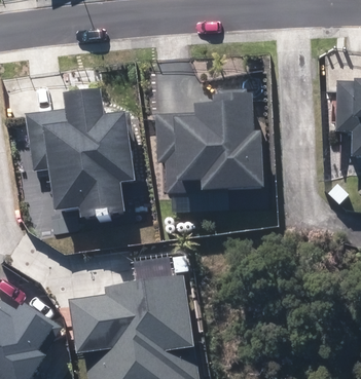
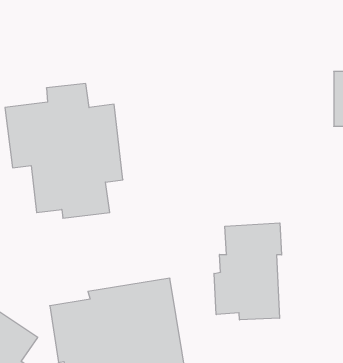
building: [154,93,262,192] -> none
building: none -> [214,223,282,320]

